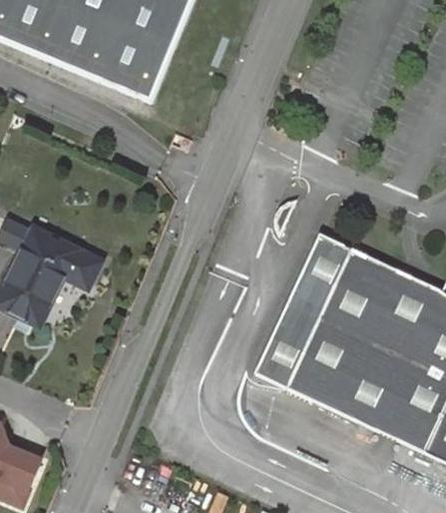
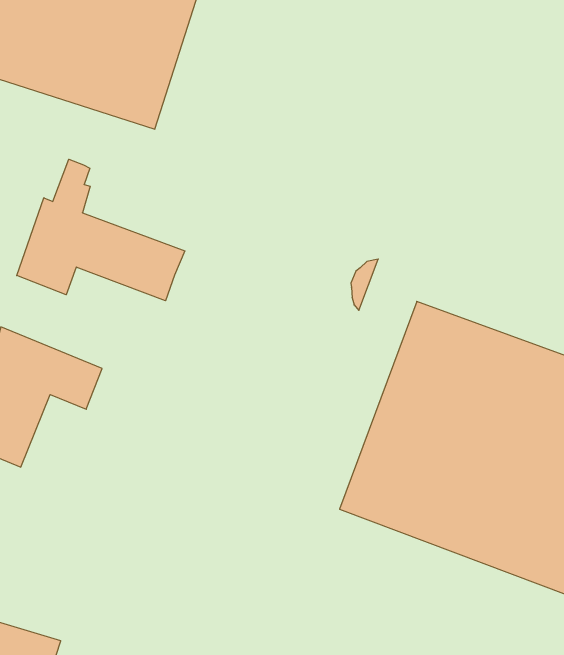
building: none -> [17,159,185,301]

